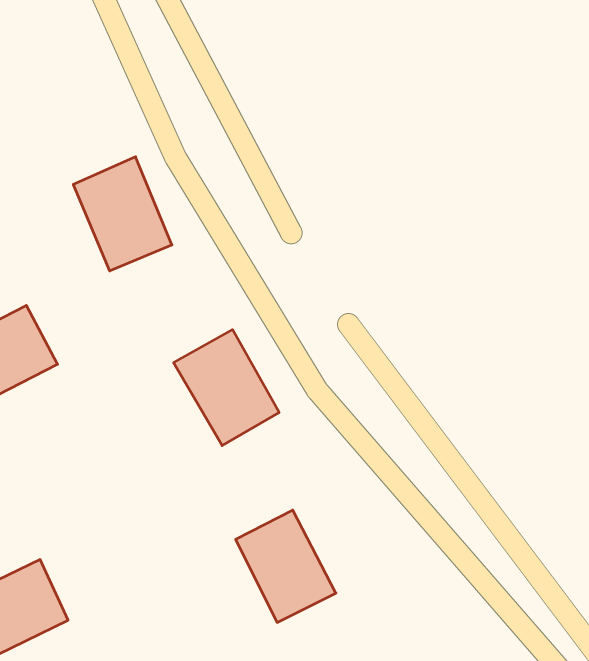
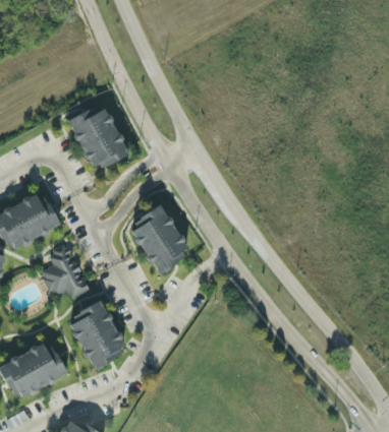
building: none -> [41,244,87,297]
building: [236,510,336,622] -> [67,302,126,368]

